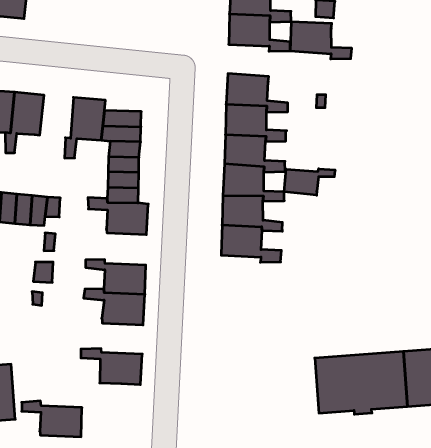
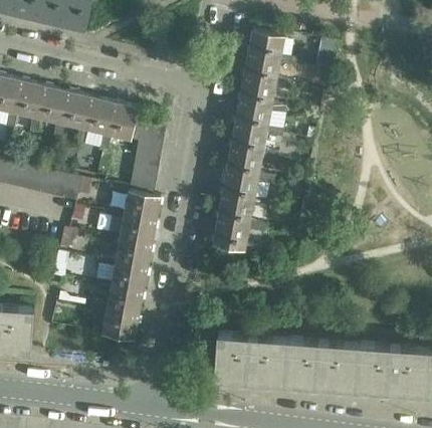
building: [290,22,352,59] -> [239,78,288,115]
building: none -> [76,97,114,146]
building: [284,169,335,195] -> none
building: none -> [107,209,156,244]
building: none -> [214,333,275,382]
building: [22,401,82,437] -> [94,280,143,314]

